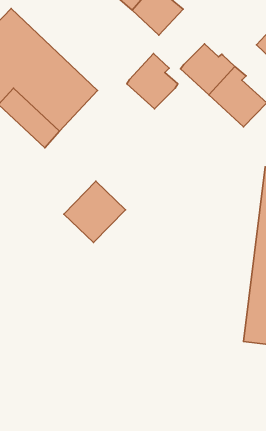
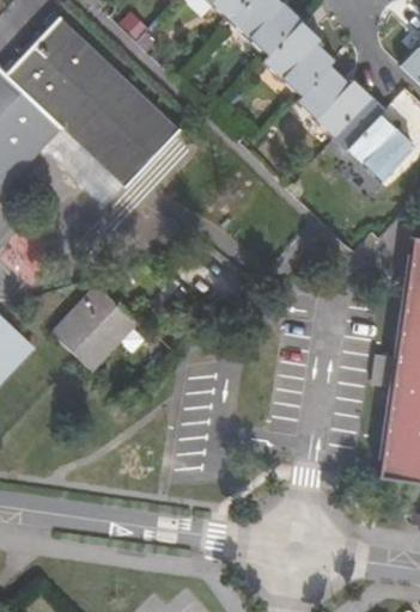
building: [127,54,178,109] -> [261,17,331,93]
building: [64,181,125,243] -> [55,289,140,374]

